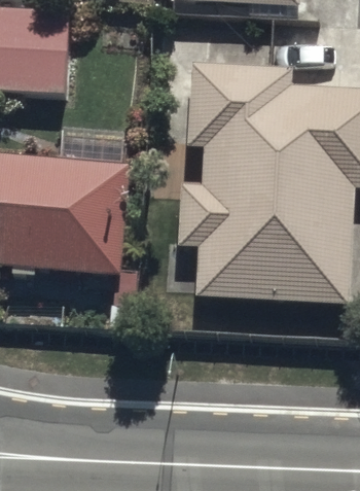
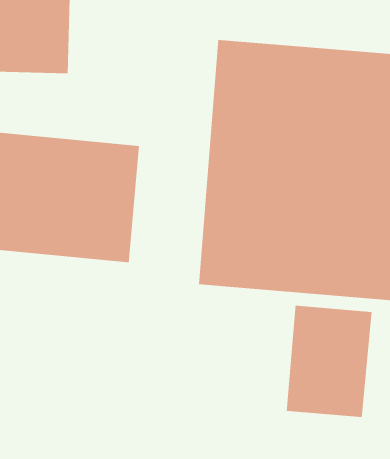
building: none -> [286,305,372,418]

